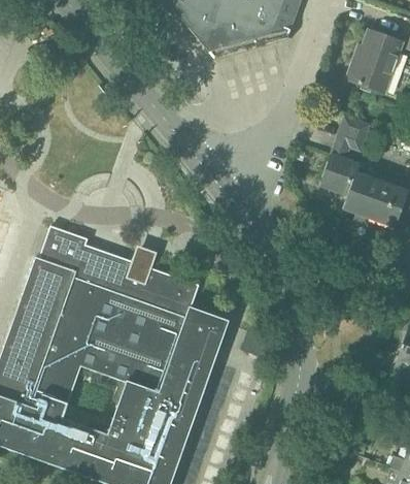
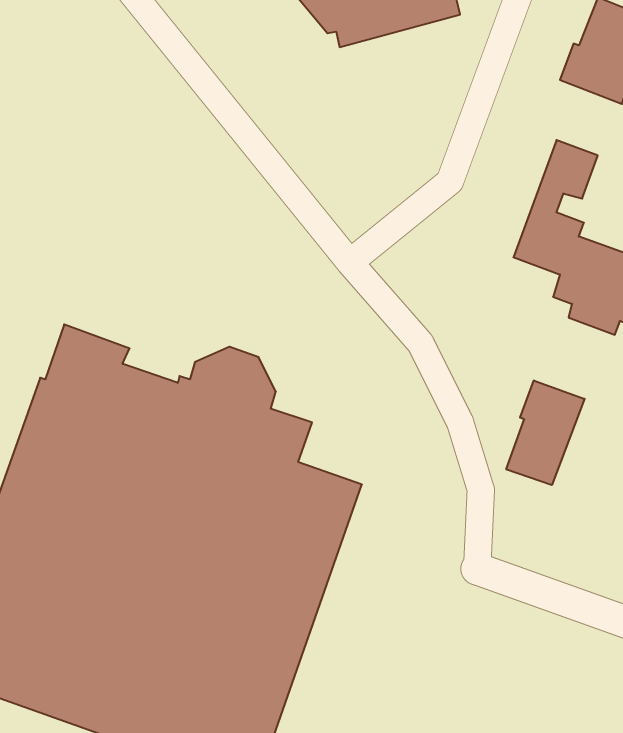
building: none -> [506,380,585,485]

